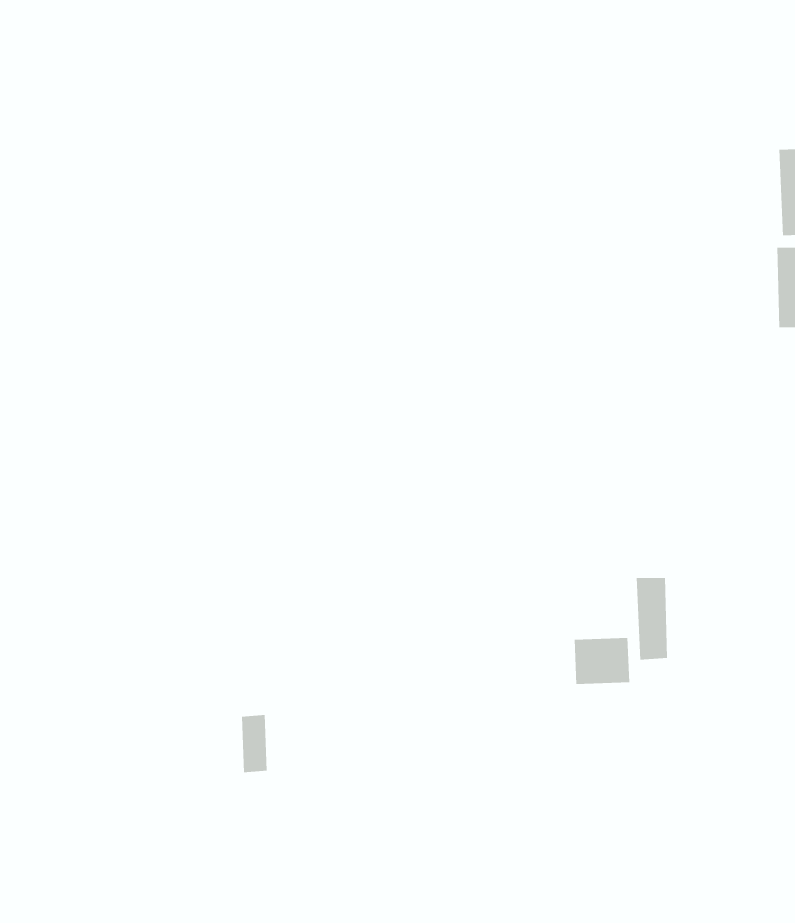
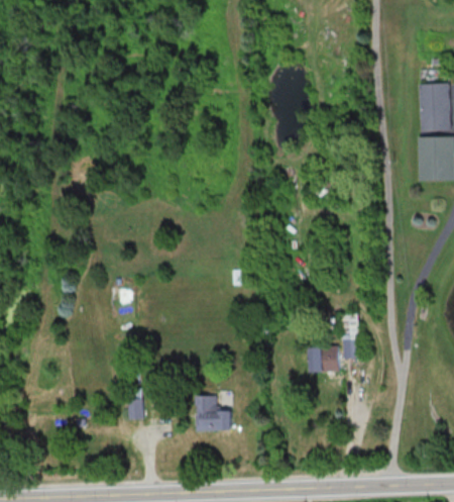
building: none -> [197,396,233,431]

